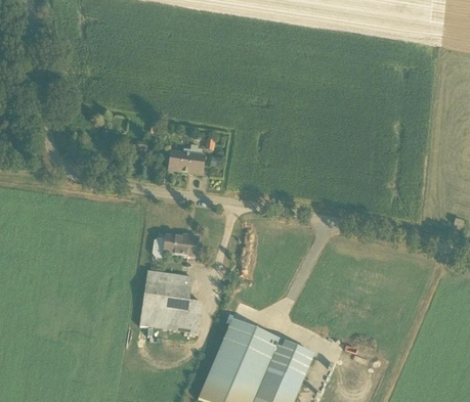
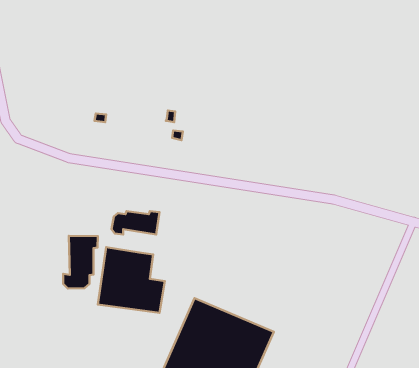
building: [169,150,205,174] -> none
building: none -> [63,236,98,288]

